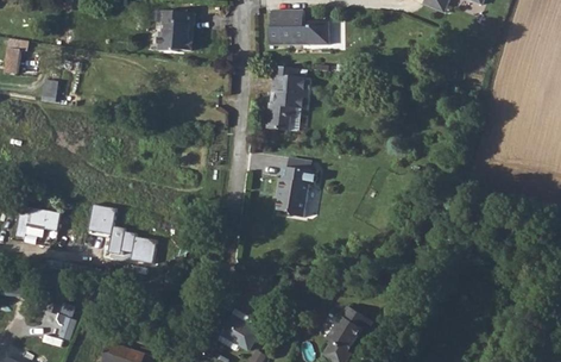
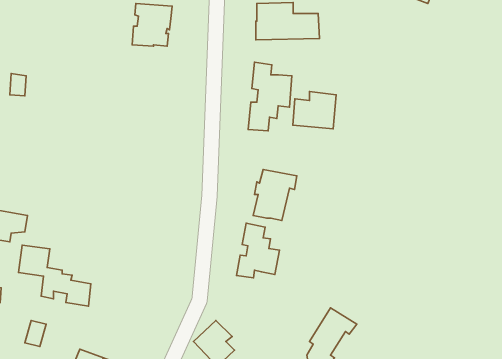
building: none -> [293,92,336,129]
building: [87,204,156,262] -> [19,245,91,306]
building: none -> [236,223,280,278]

